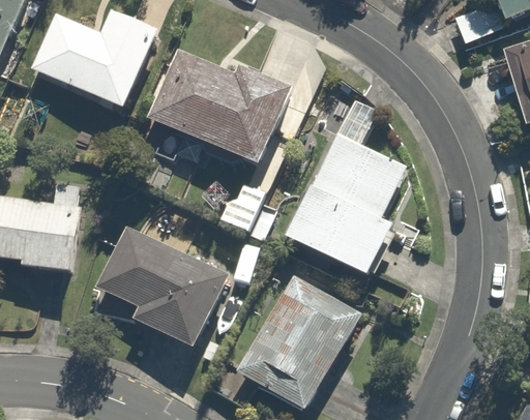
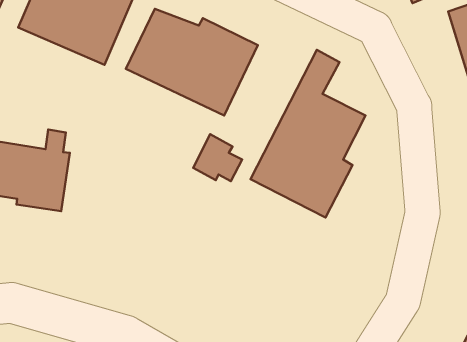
building: [93,224,235,349] -> none
building: [236,270,363,408] -> none

